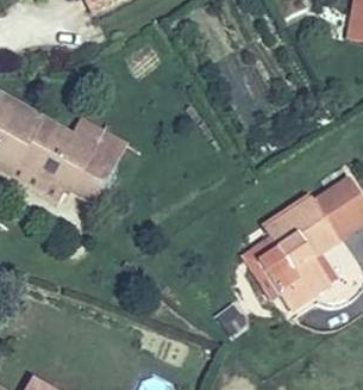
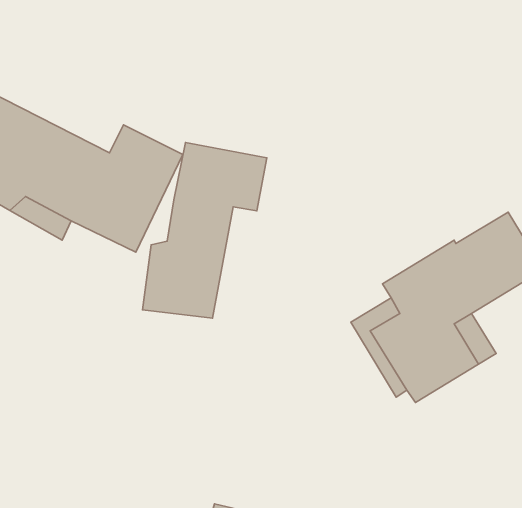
building: none -> [142,143,267,318]

